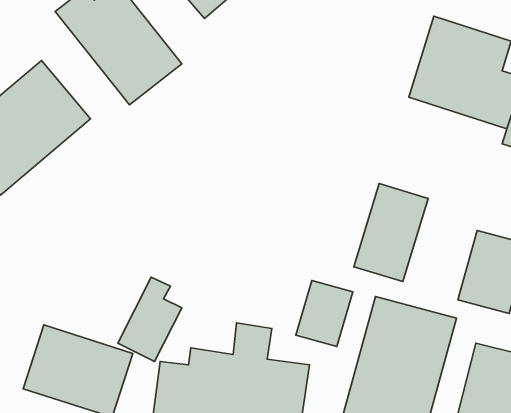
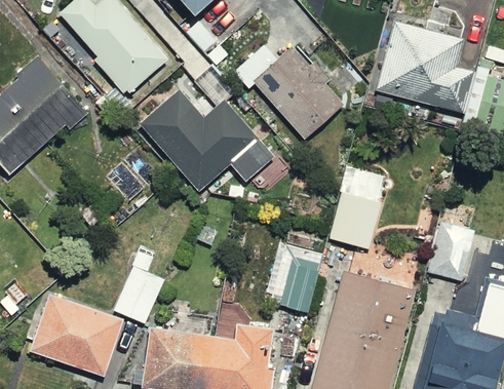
building: none -> [257,44,348,138]
building: none -> [128,63,281,195]

